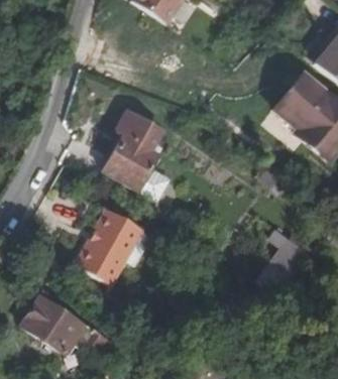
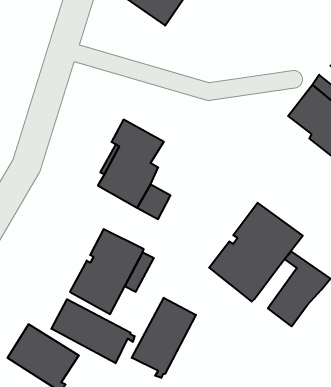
building: none -> [209,203,303,302]
building: none -> [132,298,196,378]
building: none -> [51,299,135,363]

